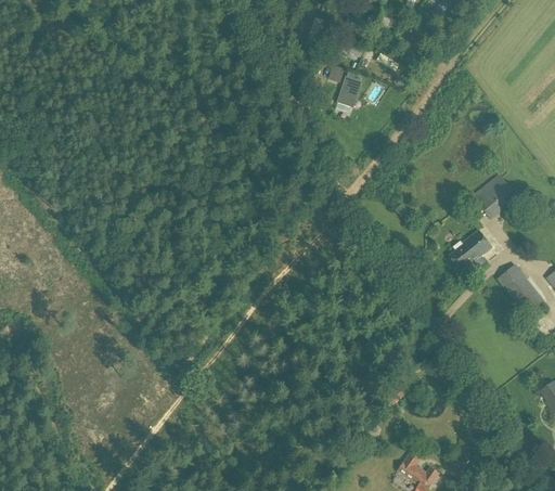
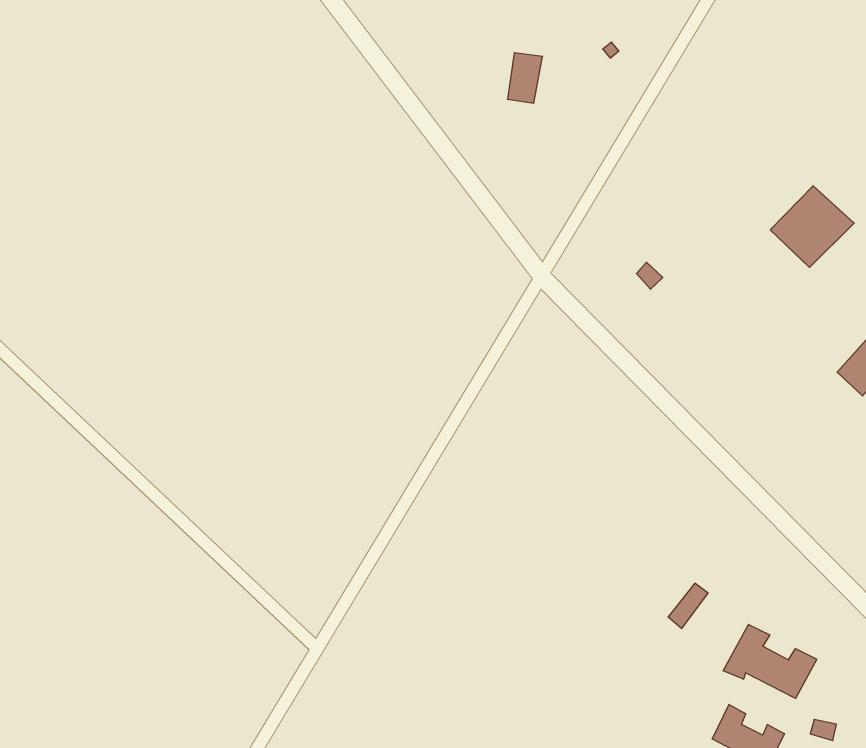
building: [449,231,491,270] -> none
building: none -> [723,624,817,698]

